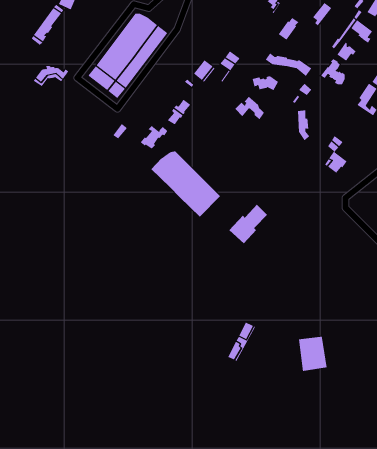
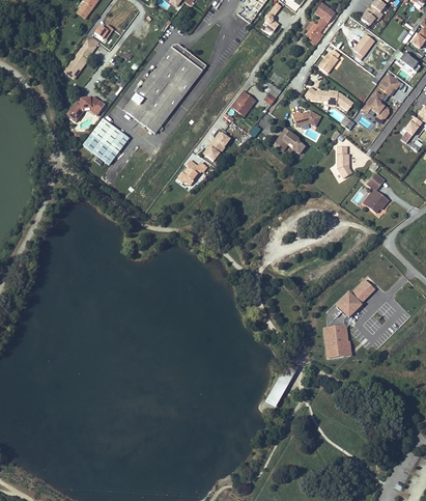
building: none -> [83,118,130,164]
building: [151,150,221,217] -> none
building: [229,204,268,244] -> [336,277,376,318]
building: [298,336,328,372] -> [323,323,353,359]

